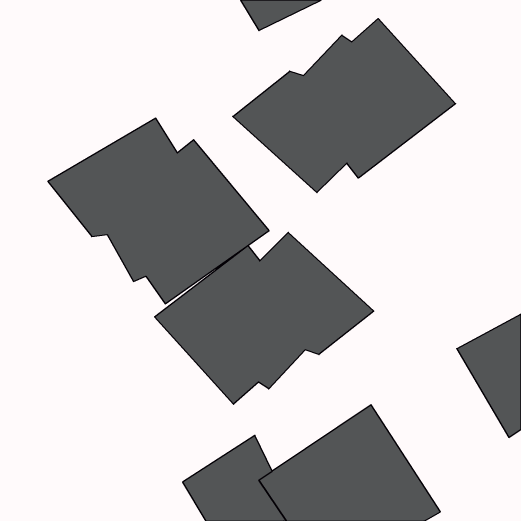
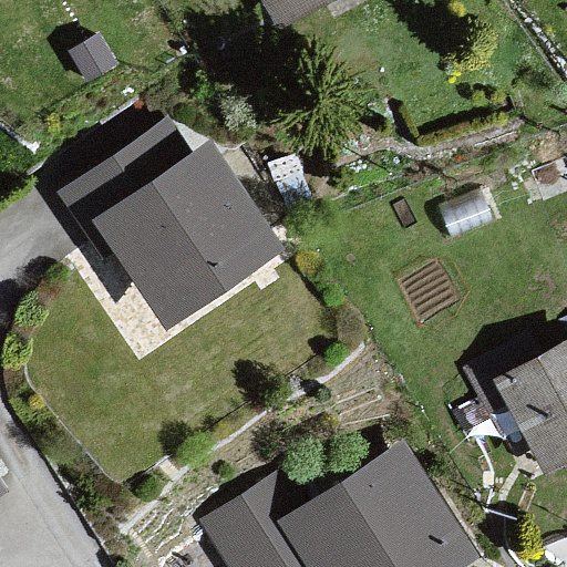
building: [233,19,456,193] -> none
building: [155,232,374,404] -> none

